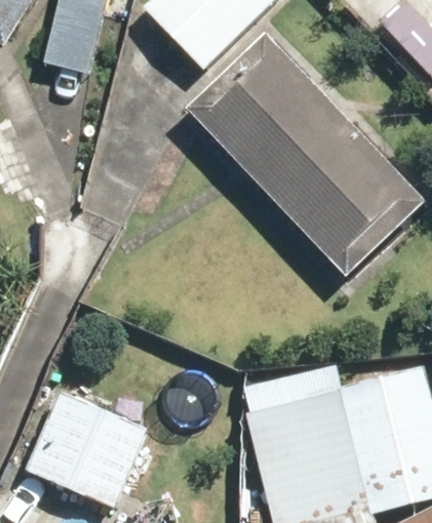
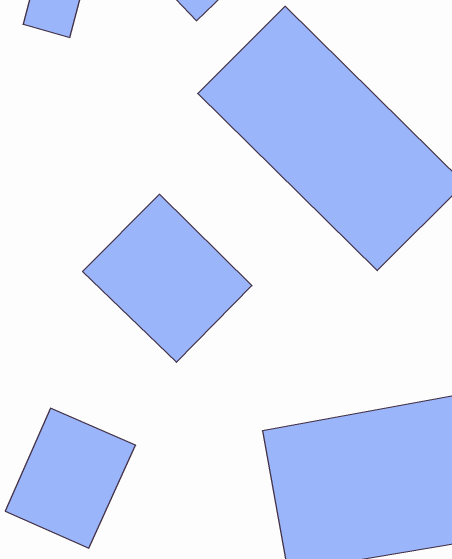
building: none -> [83,194,252,362]

